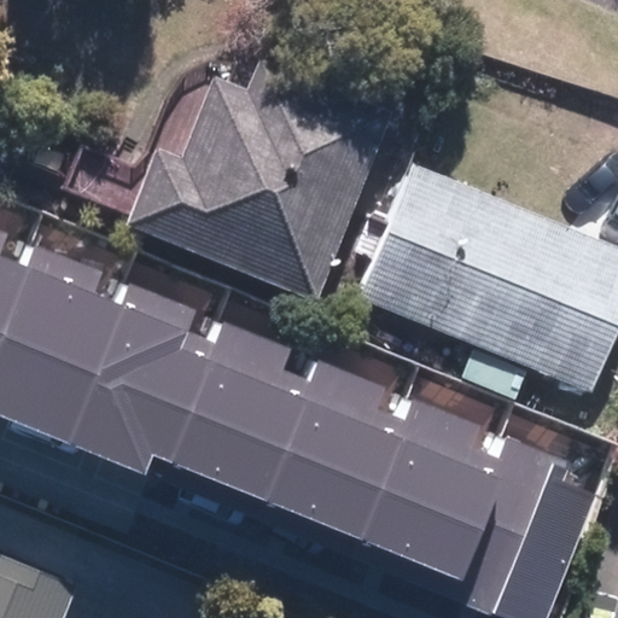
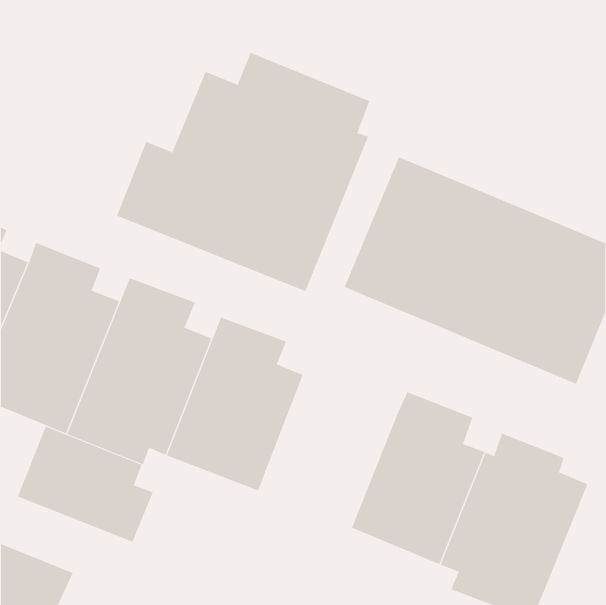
building: [263,360,403,538] -> none
building: none -> [17,426,154,543]

